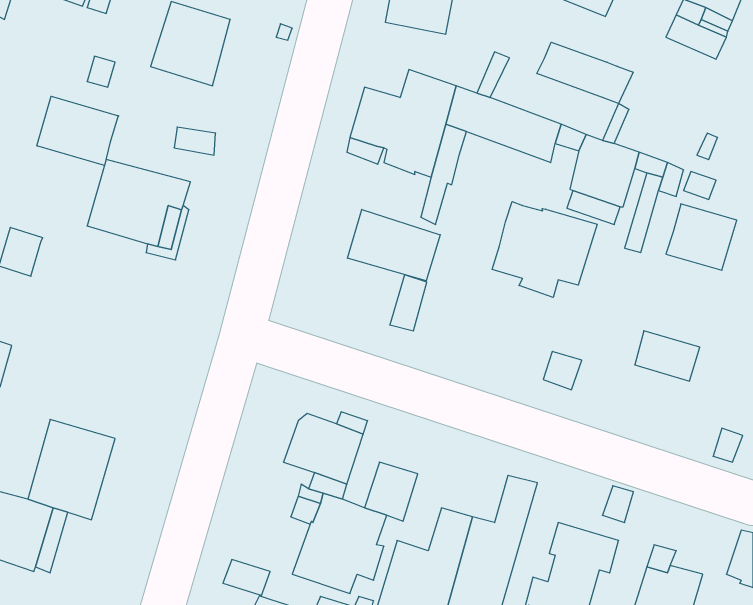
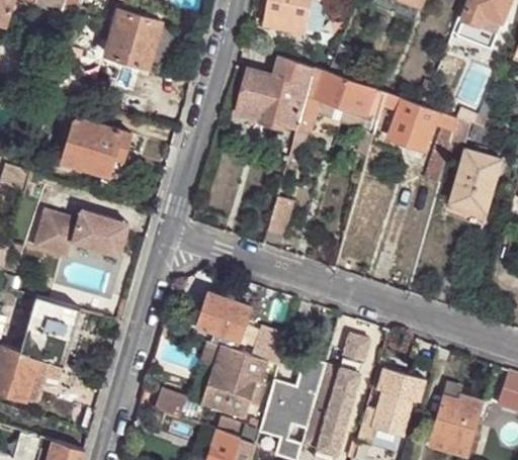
building: [537,42,633,103] -> none
building: [37,96,119,165] -> none
building: [492,202,597,297] -> none
building: [347,209,440,281] -> none
building: none -> [33,210,127,257]
building: [635,331,700,381] -> [450,183,495,217]

